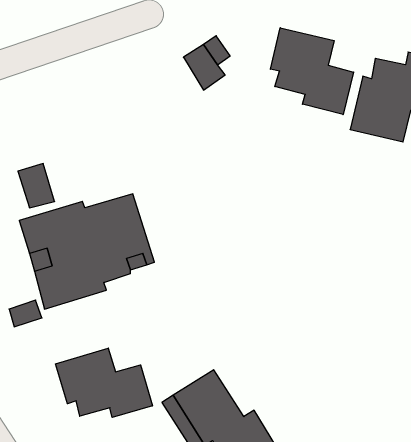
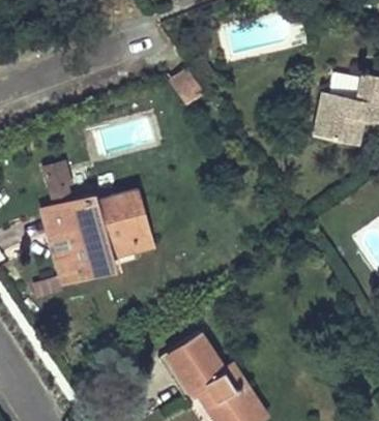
building: [270,28,354,115] -> none
building: [55,348,152,417] -> none

